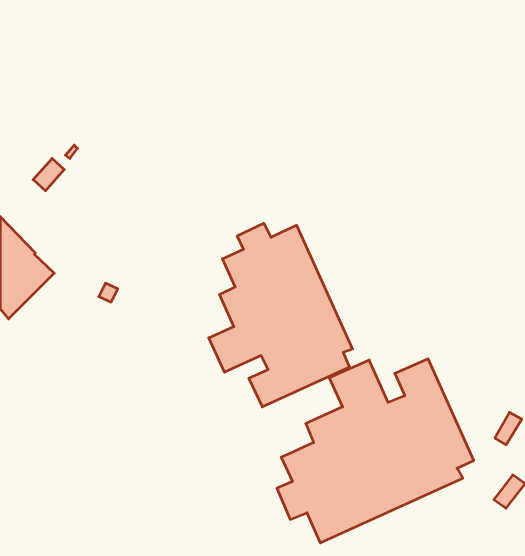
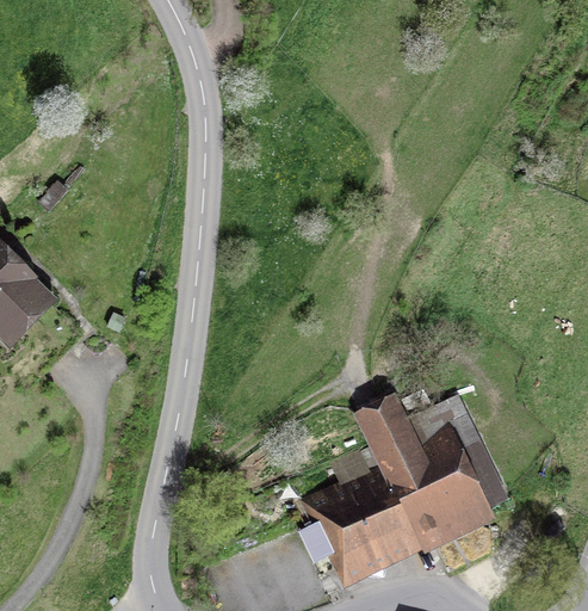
building: [209,223,353,407] -> none

